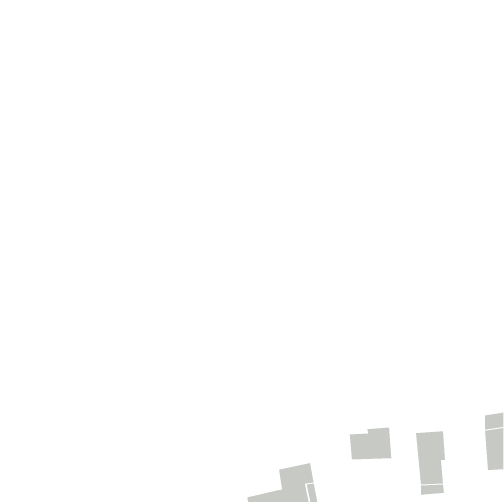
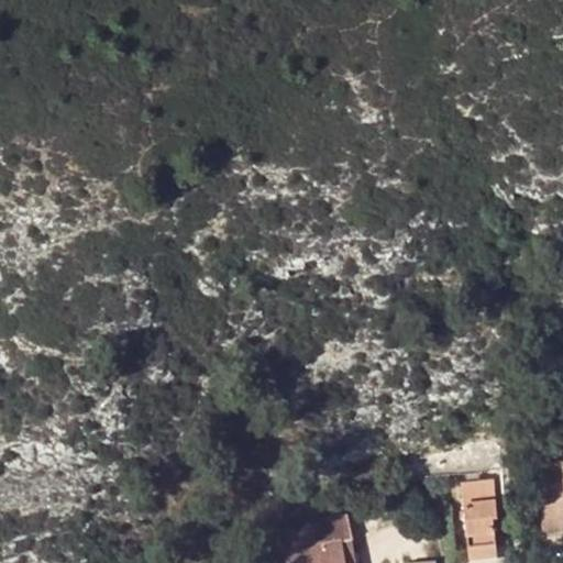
building: [349,427,392,460] -> none

